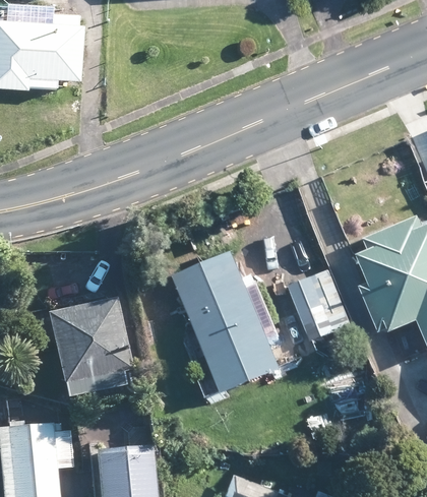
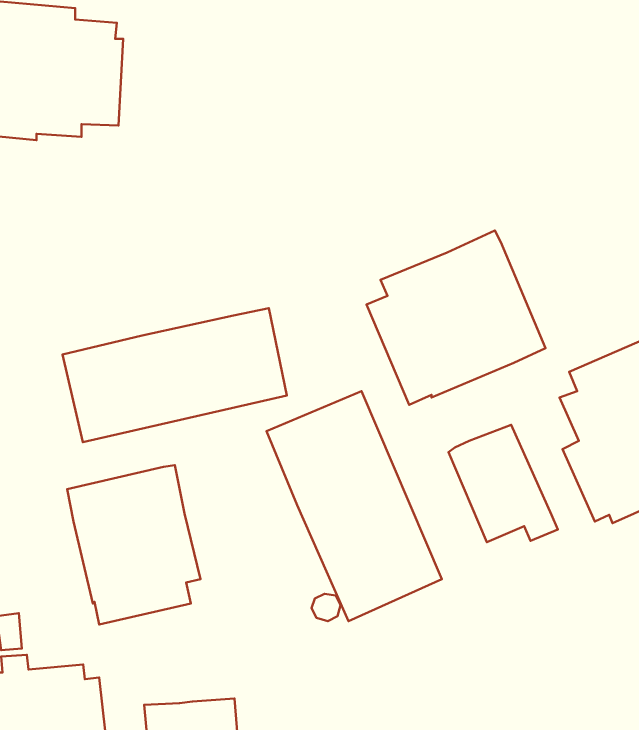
building: none -> [366,231,546,405]
building: none -> [63,308,287,442]

